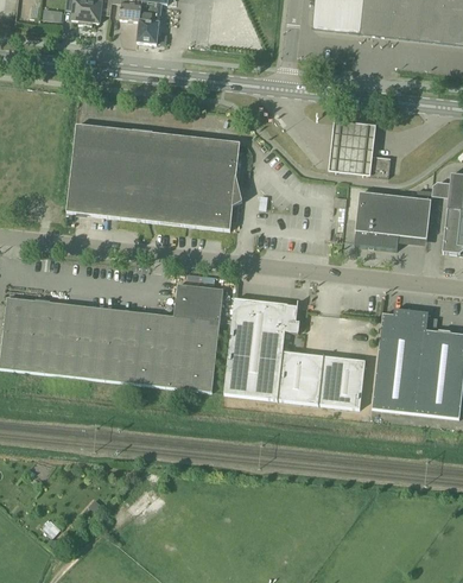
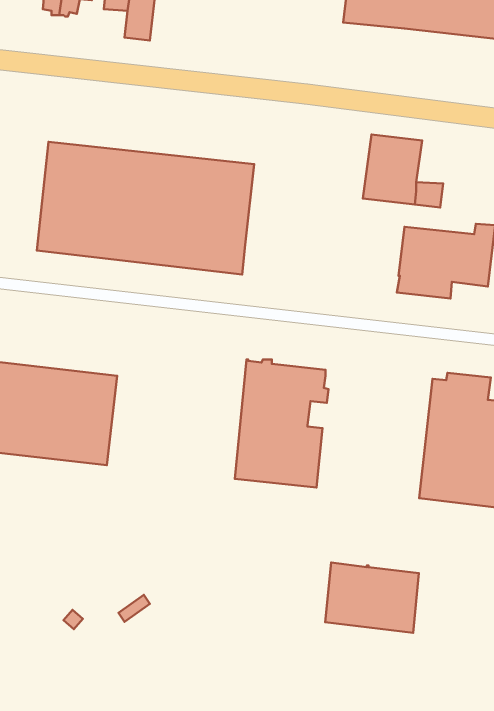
building: [122,283,223,391] -> none
building: [290,351,364,407] -> [325,563,419,633]

